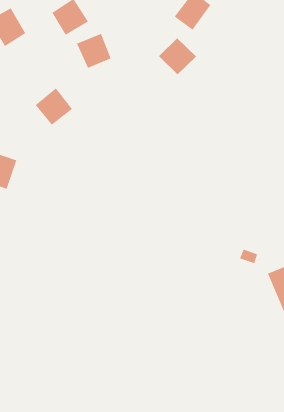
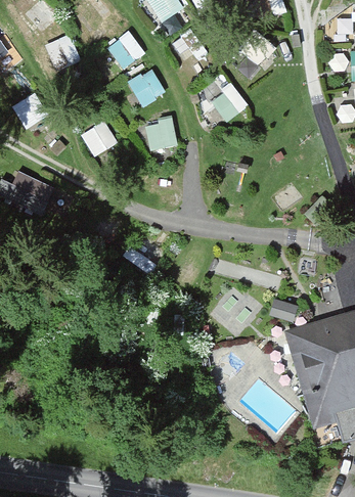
building: none -> [143,117,177,151]

